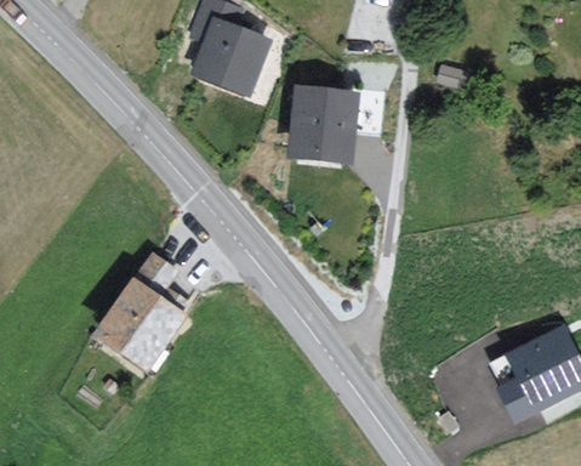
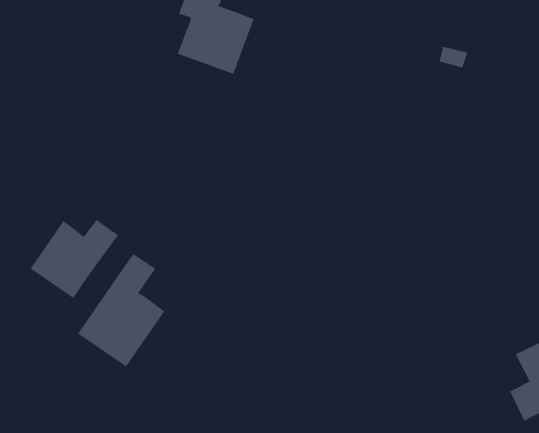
building: [294,89,354,159] -> none
building: none -> [30,219,119,299]

